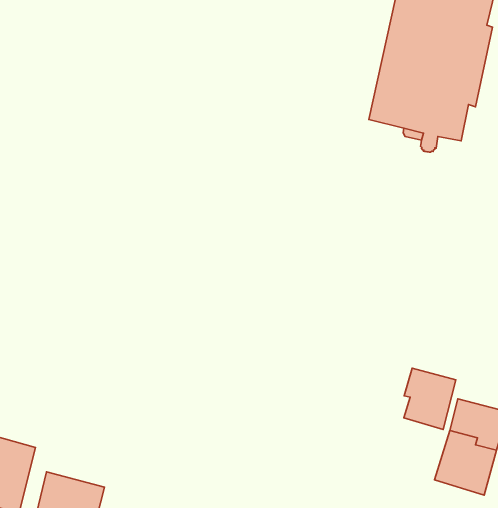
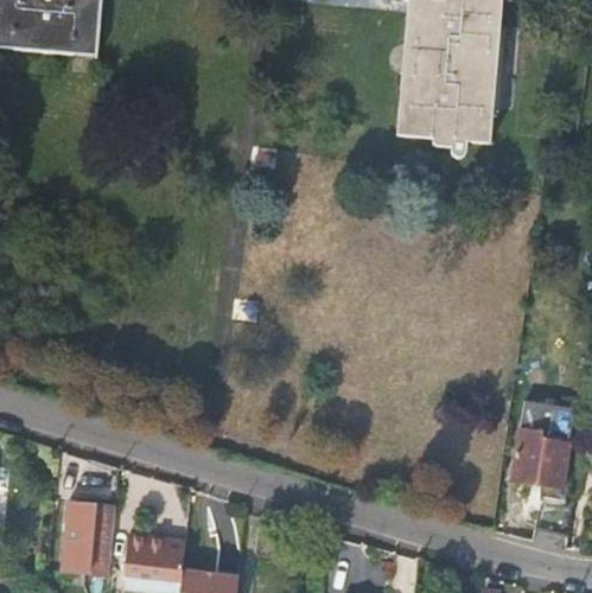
building: [404,368,456,429] -> none

